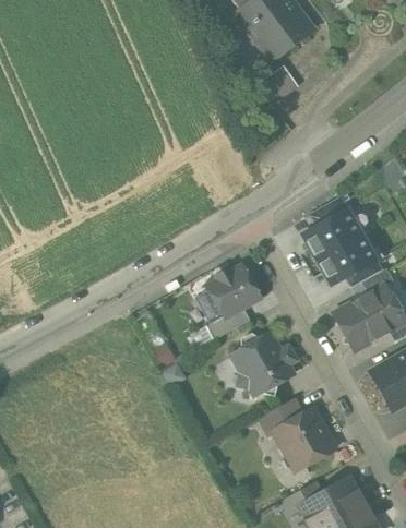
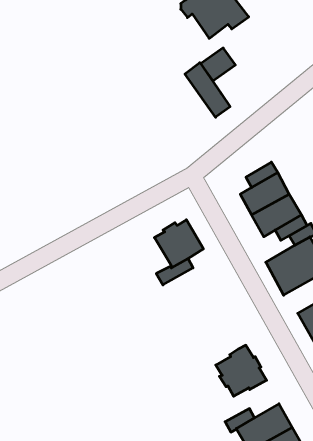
building: none -> [185,63,230,117]
building: [232,334,296,396] -> none
building: [260,399,302,436] -> none

